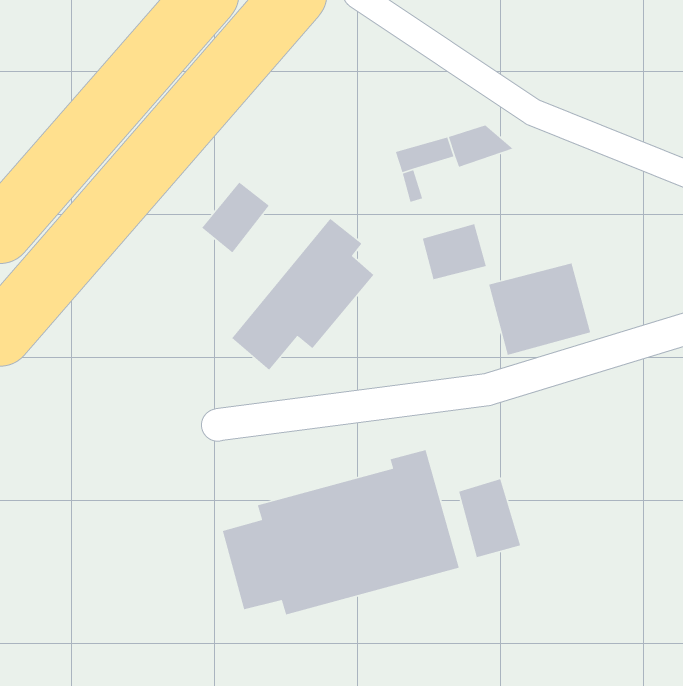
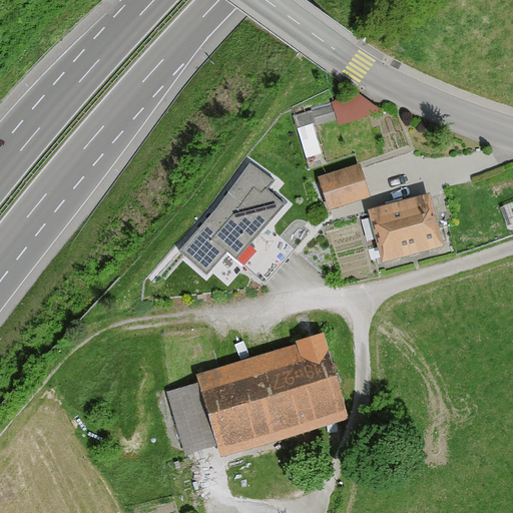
building: [201,182,270,254] -> none
building: [458,478,521,558] -> none

